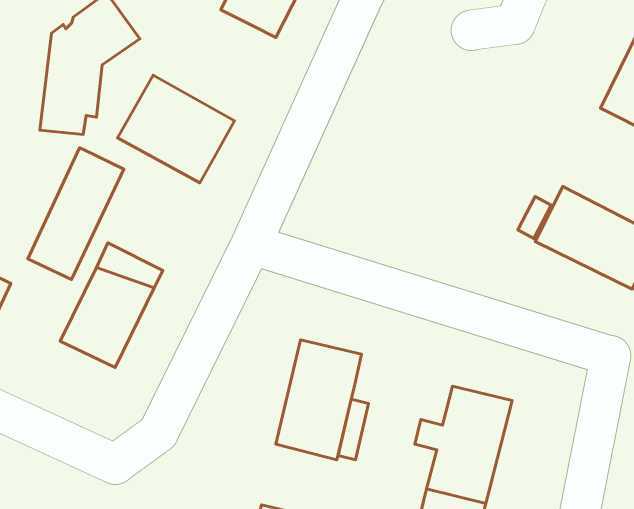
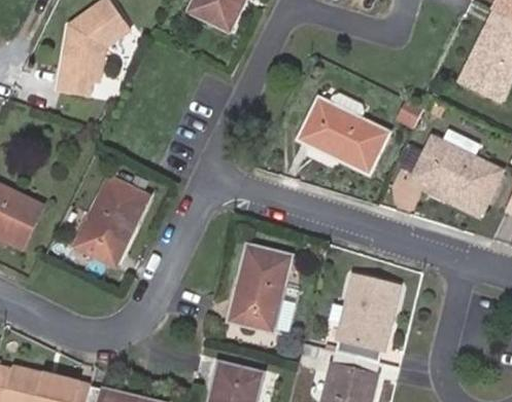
building: [117,75,234,183] -> none
building: none -> [298,96,397,178]
building: [28,148,124,279] -> none

